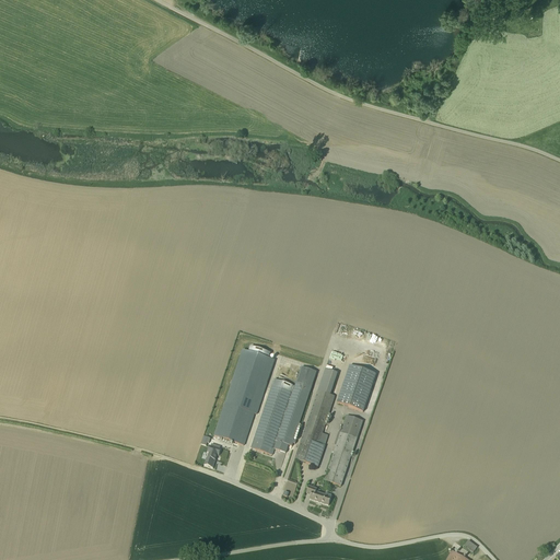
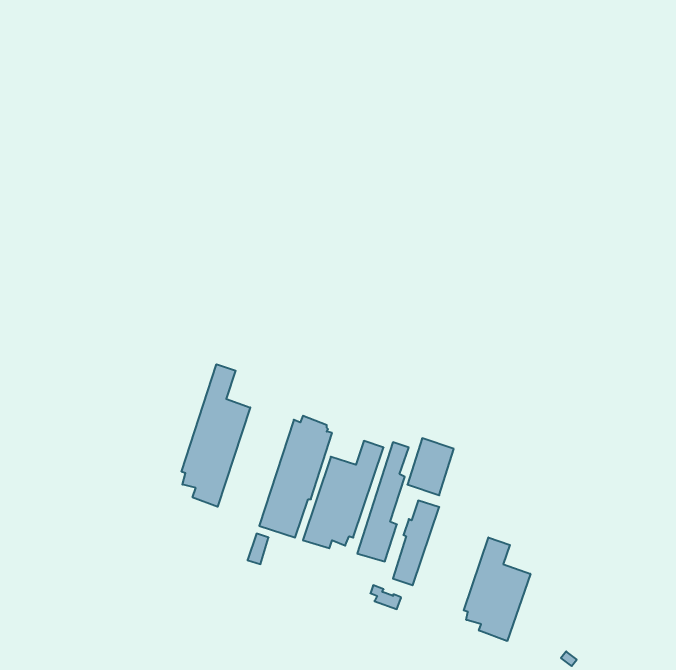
building: none -> [182,364,250,507]
building: none -> [464,537,530,641]

